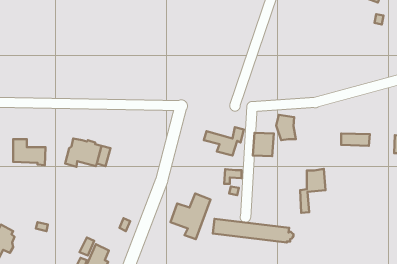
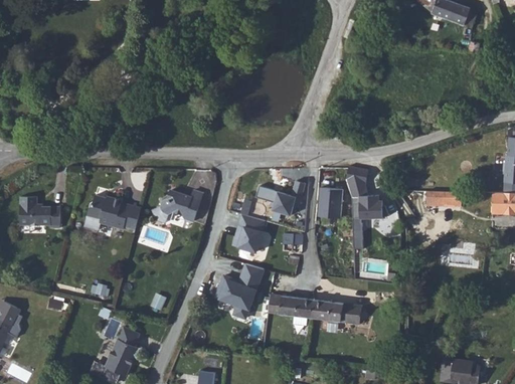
building: none -> [152,190,203,222]
building: none -> [232,214,268,253]
building: [300,169,326,213] -> [353,194,384,248]

